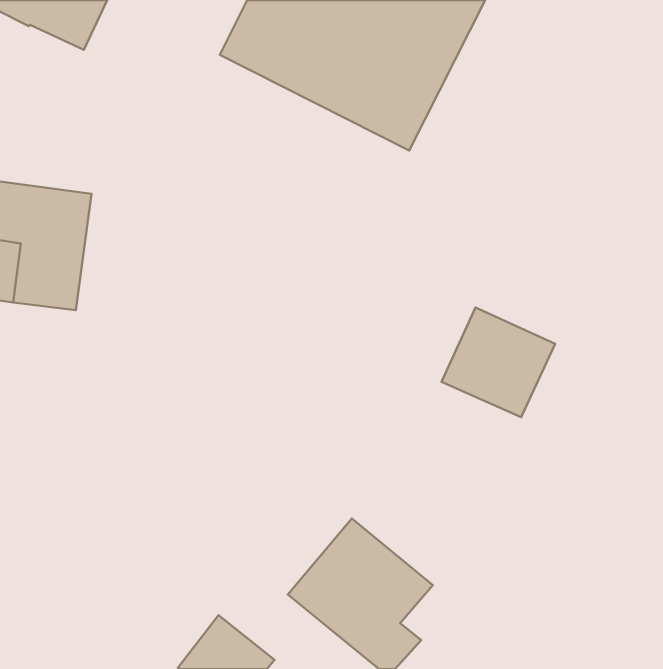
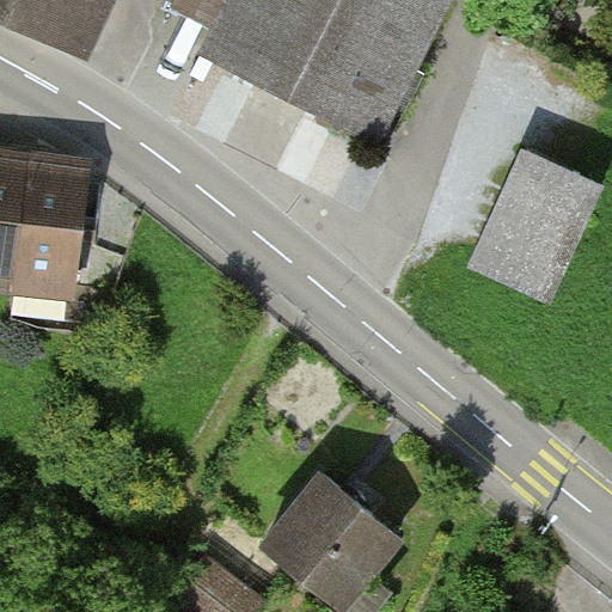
building: [441,307,555,417] -> [479,182,583,282]

